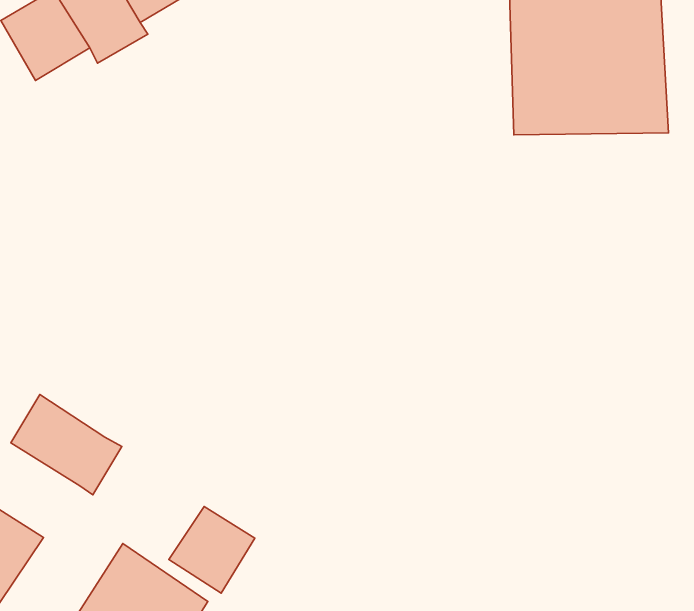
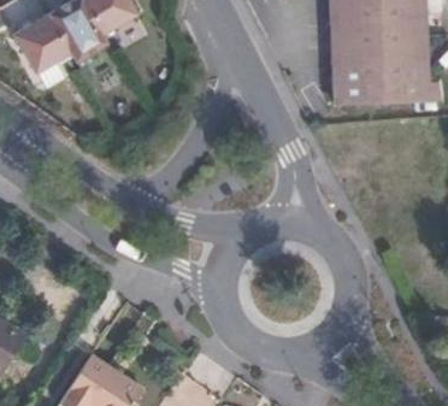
building: [11,395,122,495] -> none
building: [169,507,255,593] -> none

